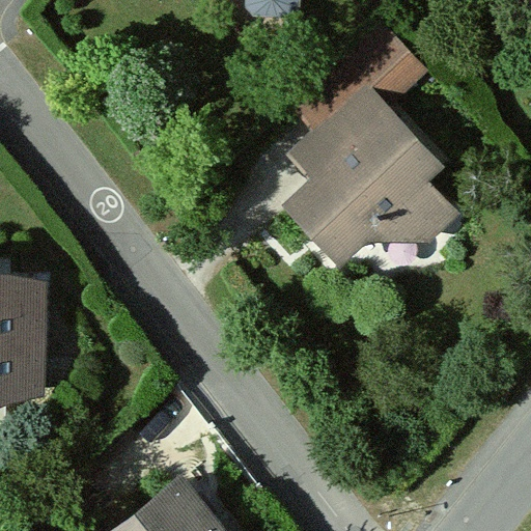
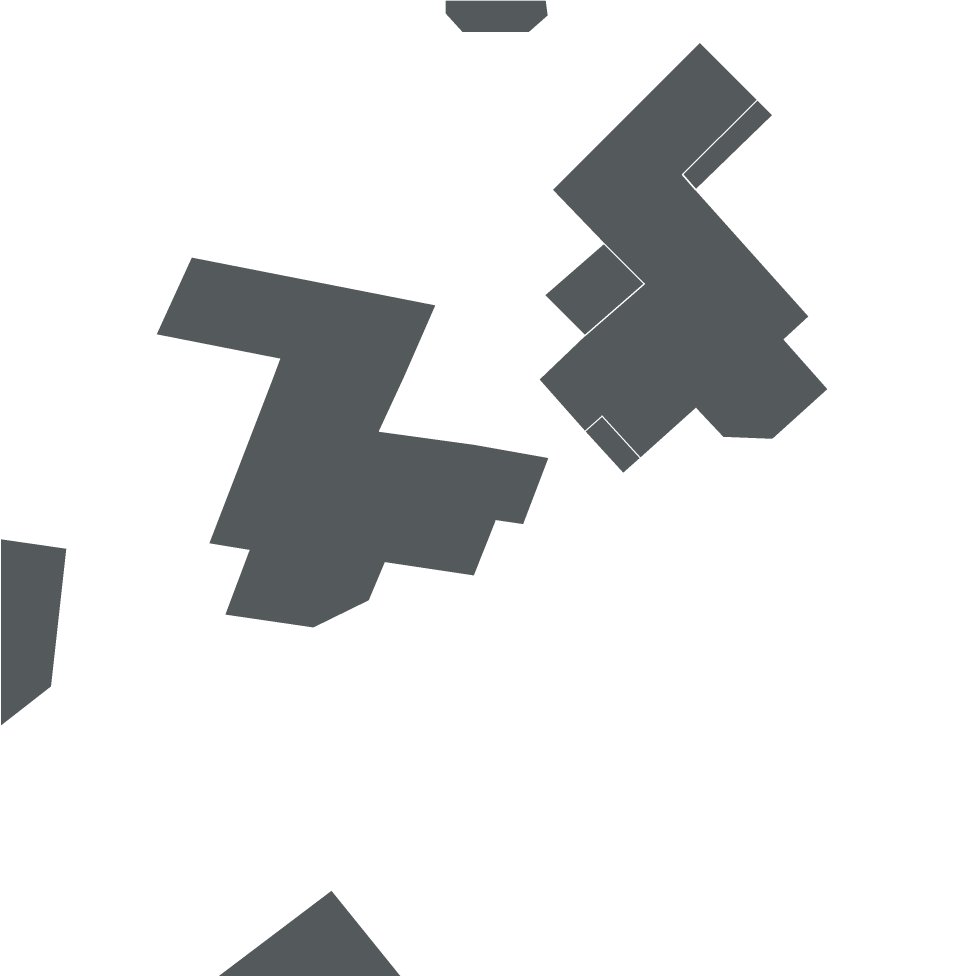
building: none -> [156,257,549,628]

